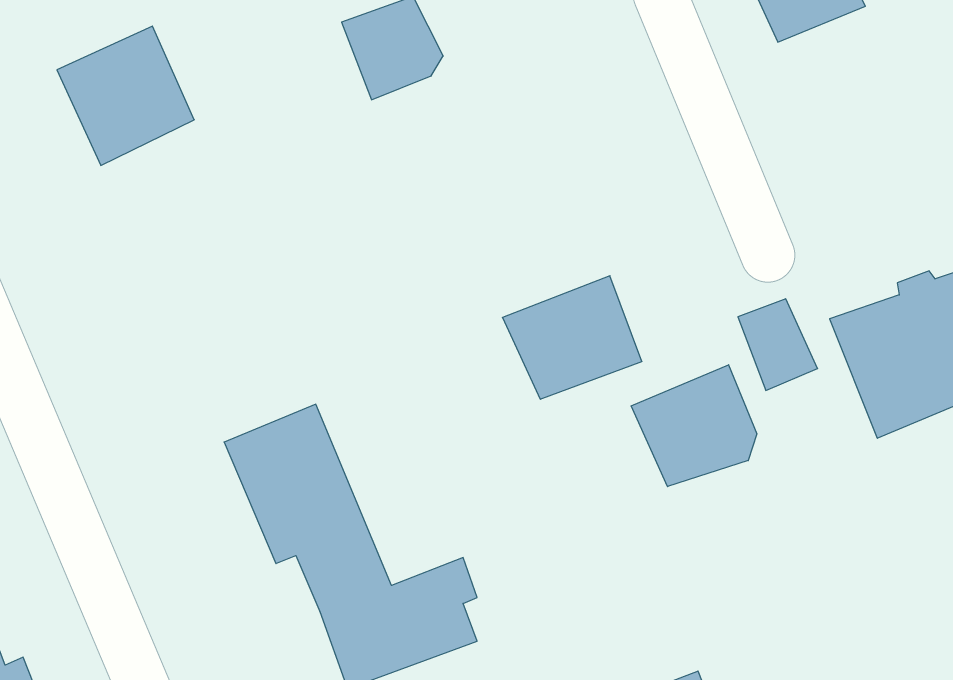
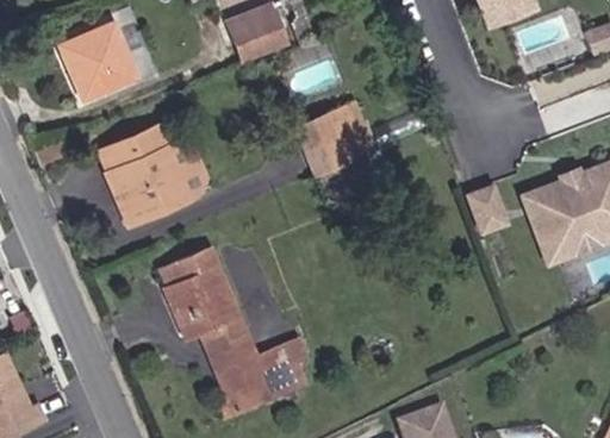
building: none -> [97,124,213,226]
building: [502,276,642,399] -> [293,101,376,175]
building: [631,365,757,487] -> none

